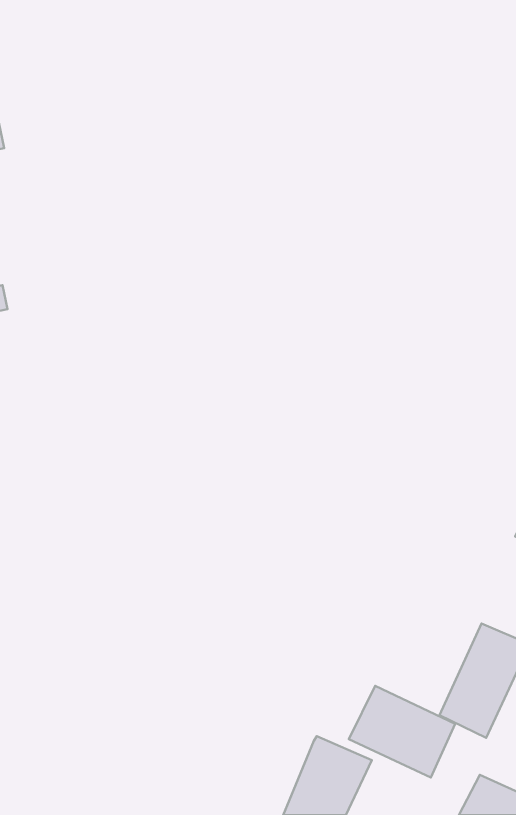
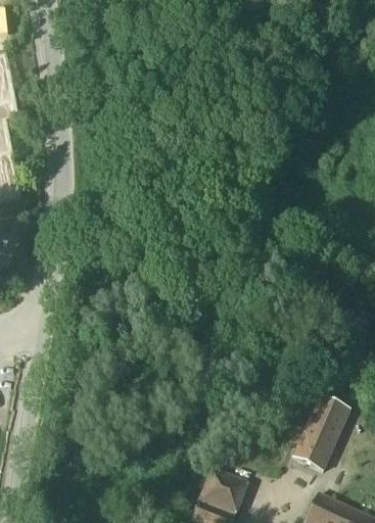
building: [349,686,455,777] -> none

